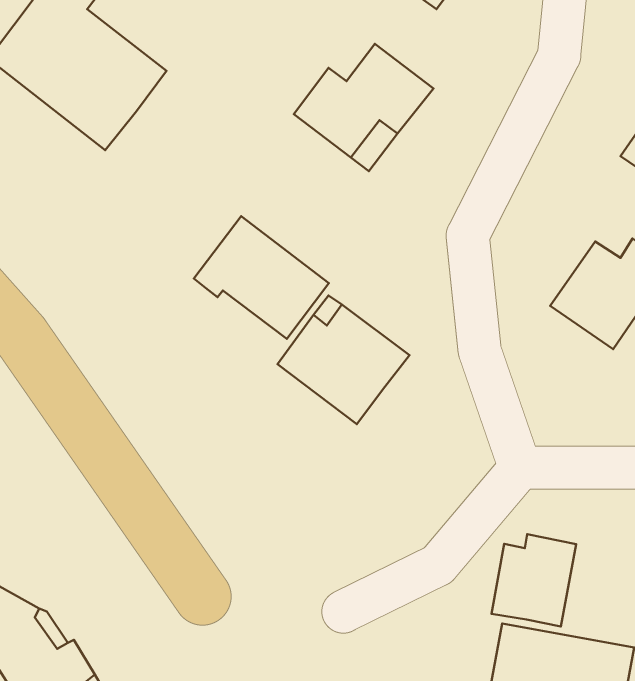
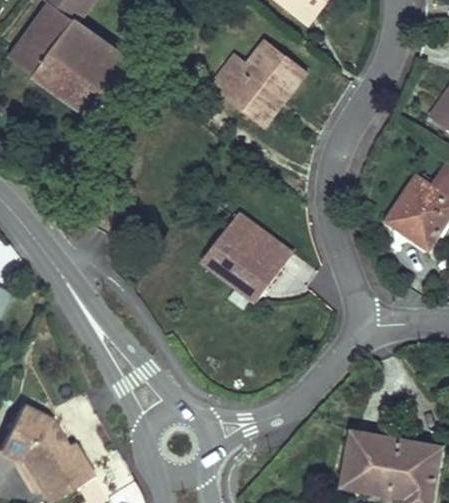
building: [194,216,329,339] -> none
building: [491,534,576,626] -> none

